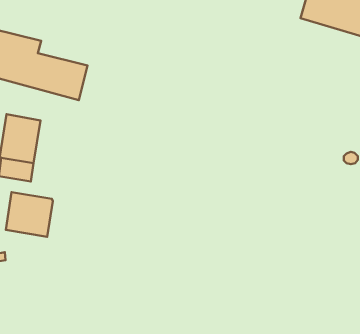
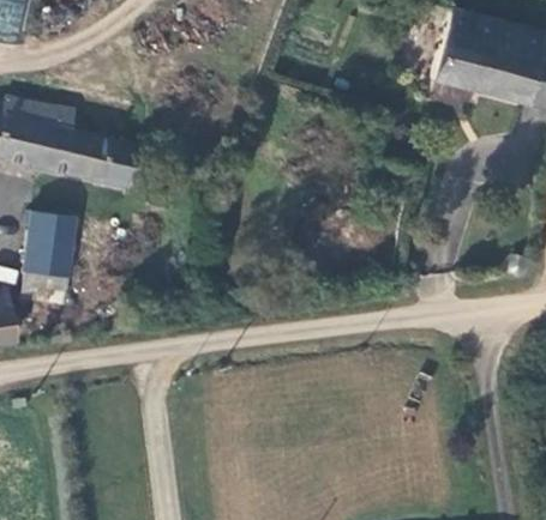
building: [6,192,53,237] -> none

